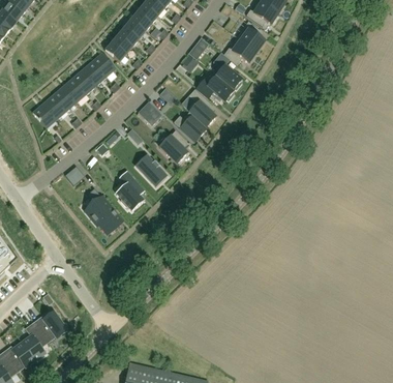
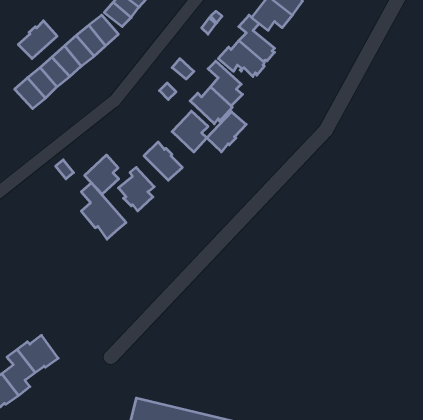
building: none -> [18,21,57,59]
building: none -> [207,112,246,152]
building: none -> [85,155,119,194]

